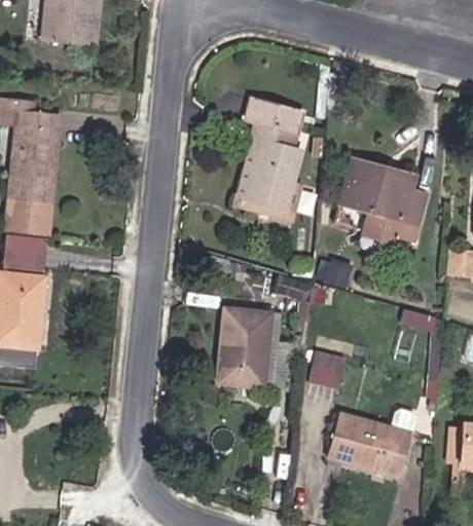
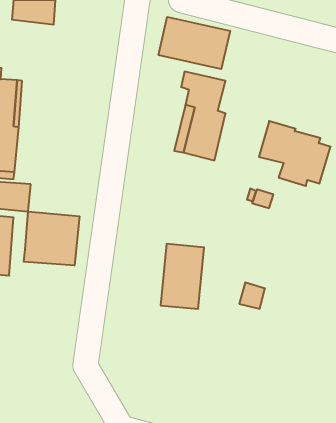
building: none -> [159,17,230,69]
building: none -> [24,212,79,266]
building: [329,415,412,476] -> none

